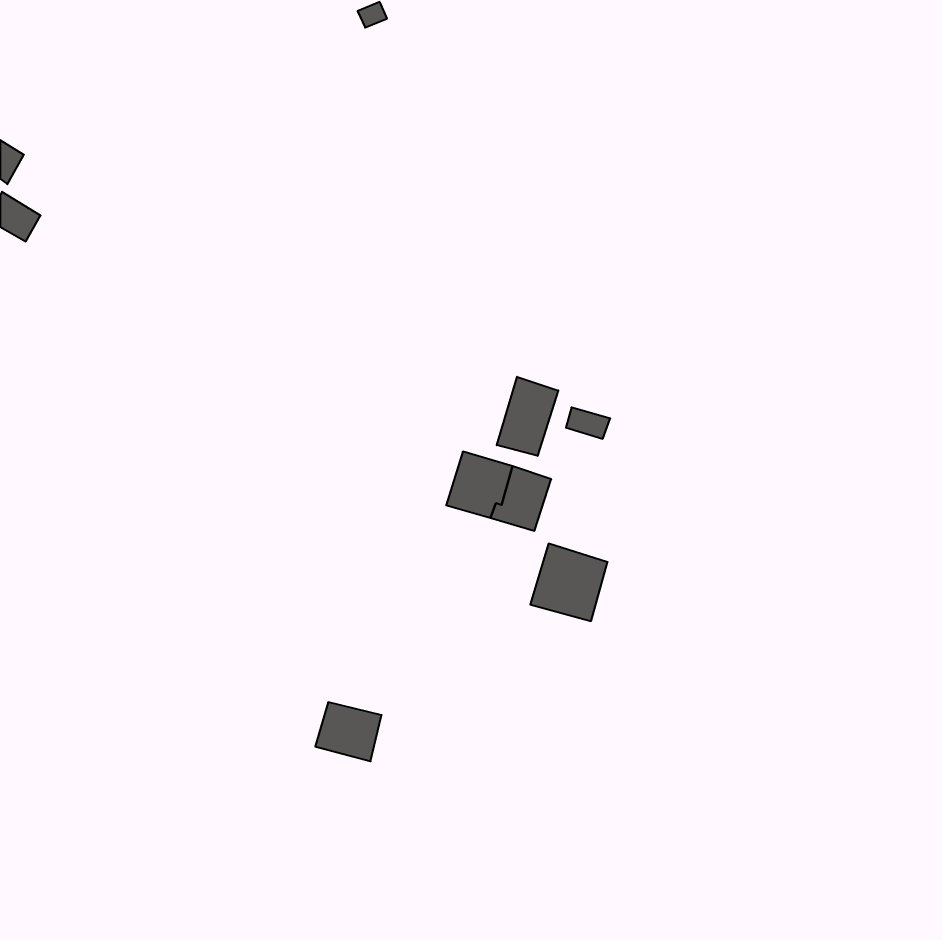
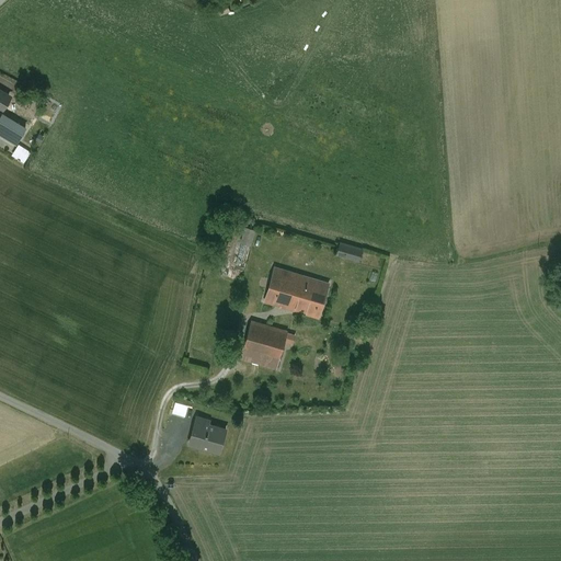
building: [497,377,558,456] -> none
building: [530,544,608,621] -> [240,322,286,368]

